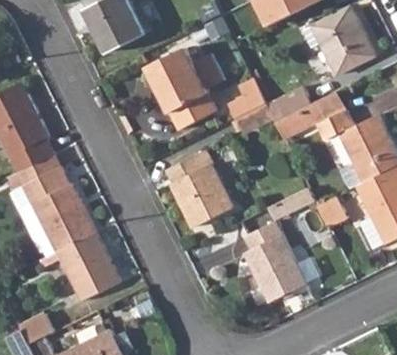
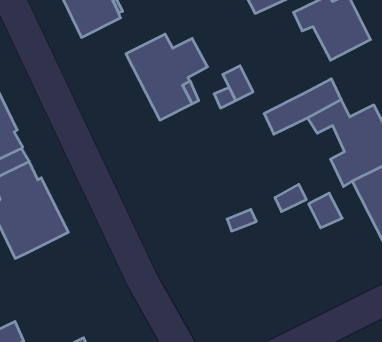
building: [265,86,311,123] -> none
building: [164,149,232,227] -> none
building: [243,221,306,303] -> none
building: [57,232,119,299] -> none

